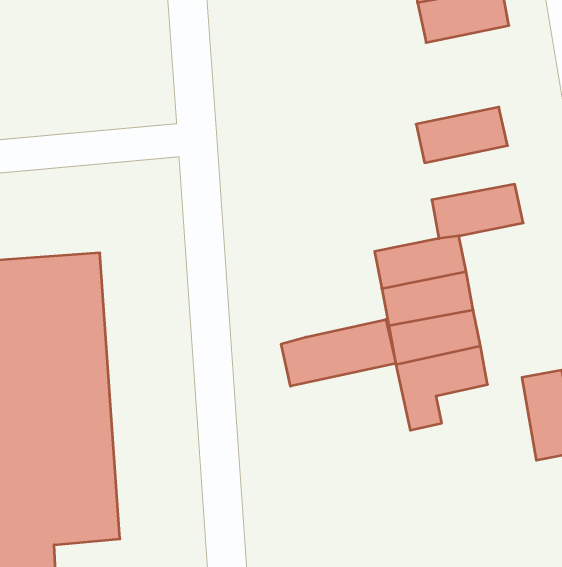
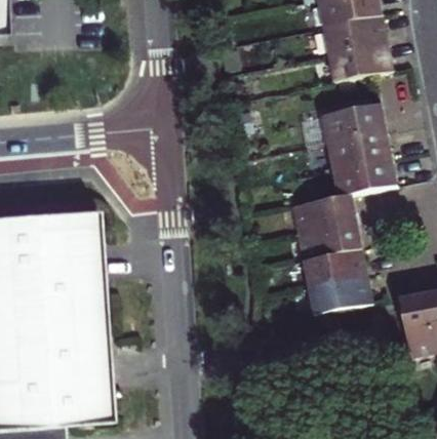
building: none -> [330,44,395,81]
building: none -> [329,130,394,169]
building: [281,319,396,386] -> none

